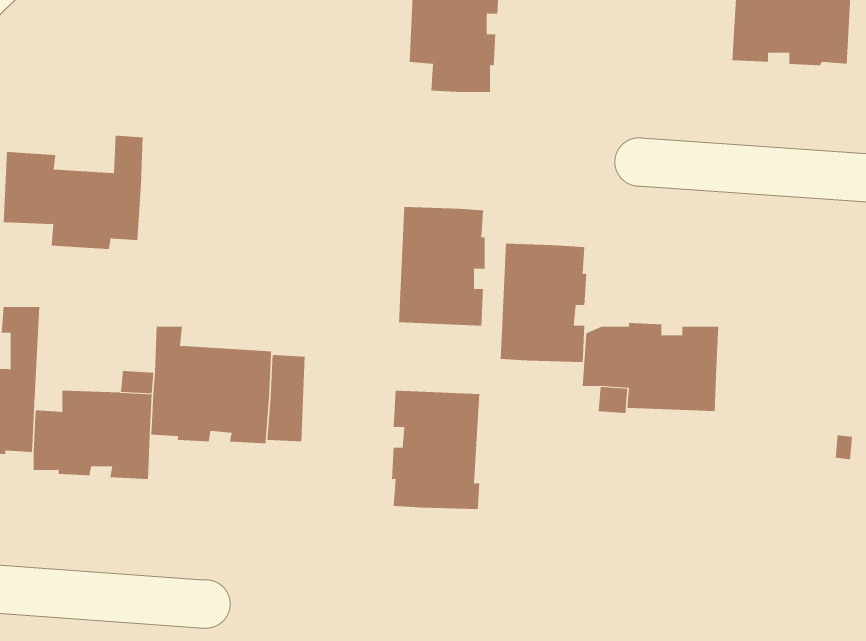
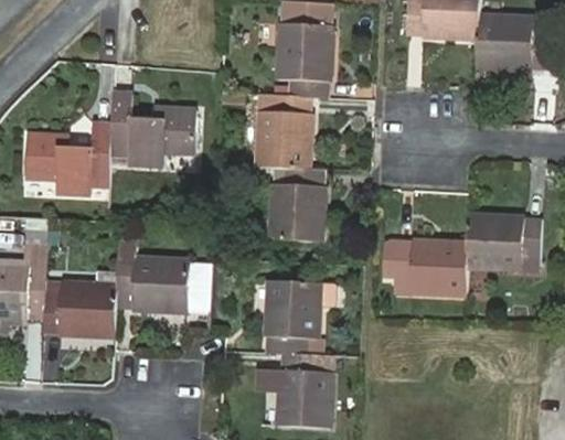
building: none -> [110,92,196,163]
building: [500,243,587,363] -> [256,94,310,168]
building: none -> [467,213,541,269]
building: none -> [254,353,332,427]

